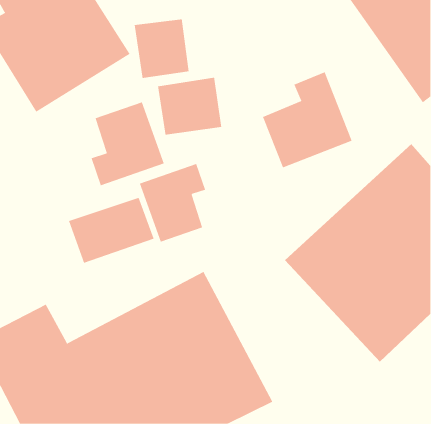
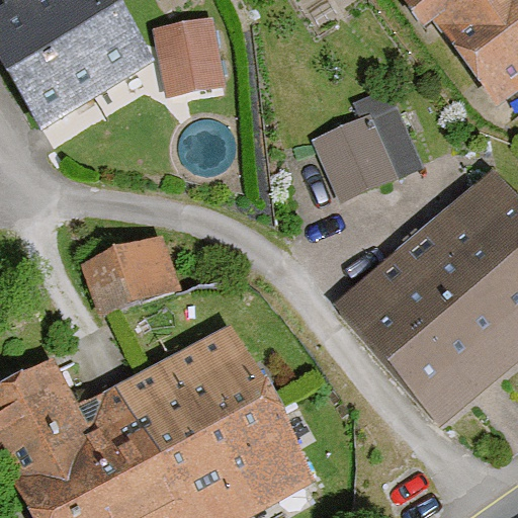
building: [157,77,222,136] -> none
building: [91,101,164,186] -> none
building: [139,163,206,243] -> none

